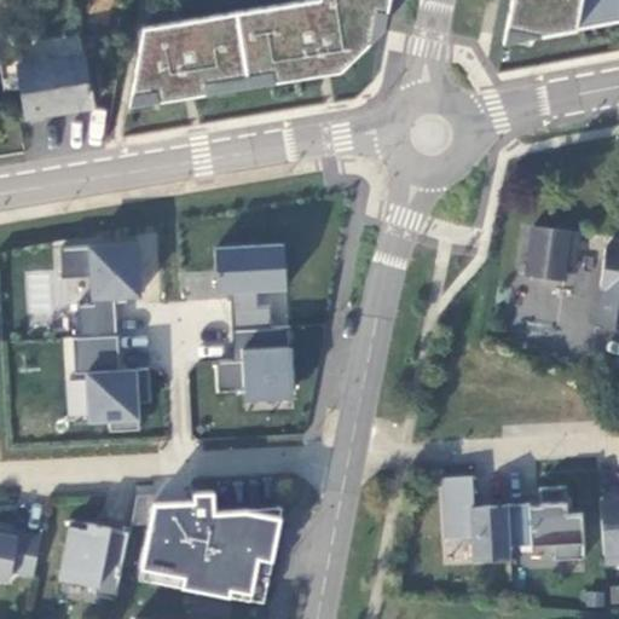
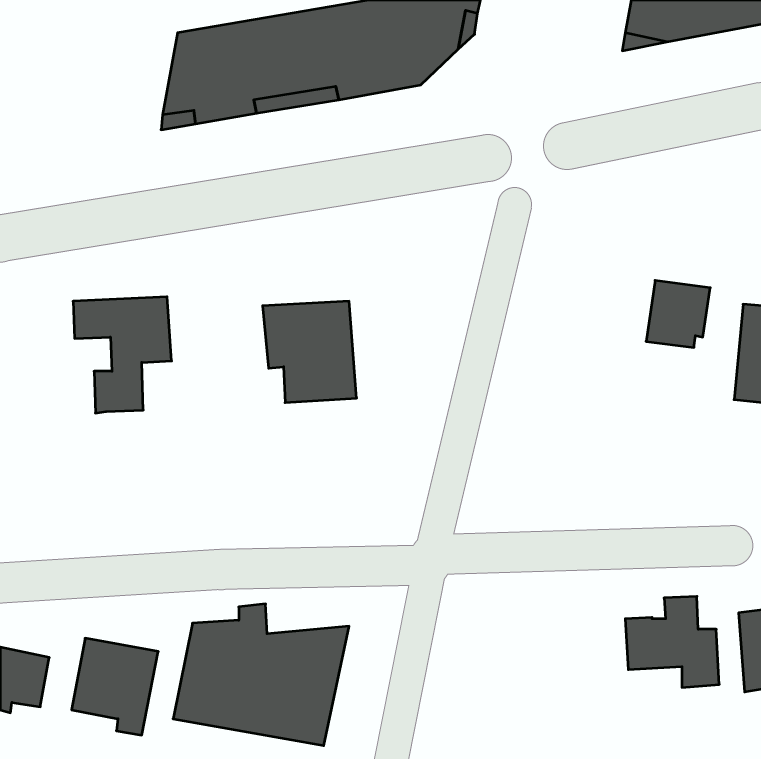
building: [21,52,92,111] -> none
building: [218,325,294,399] -> none
building: [73,335,150,430] -> none
building: [442,476,511,560] -> none

